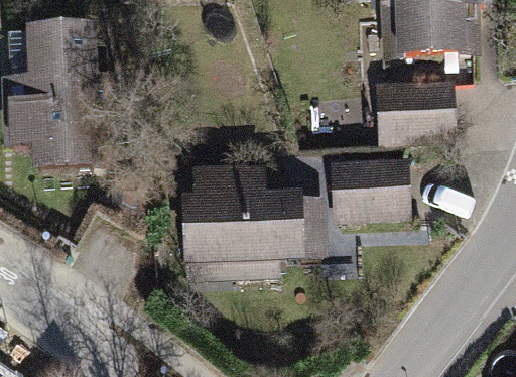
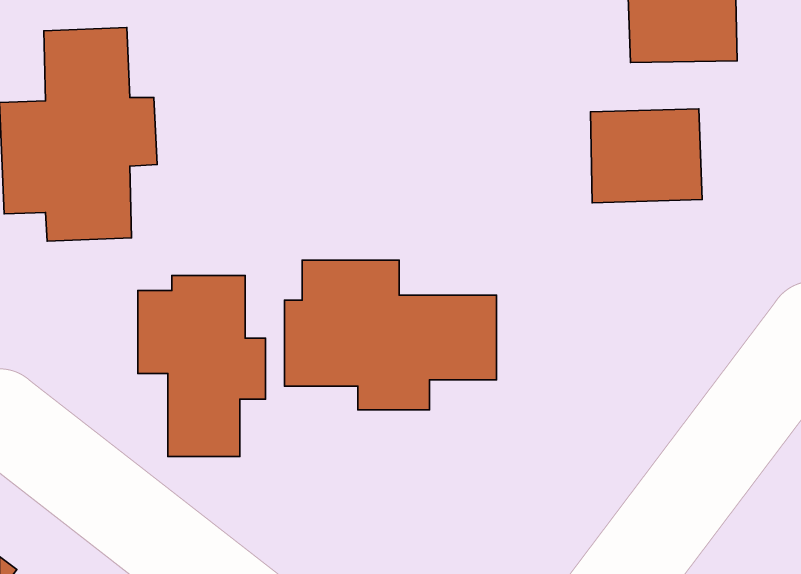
building: [335,158,396,216] -> none
building: none -> [138,275,266,456]

